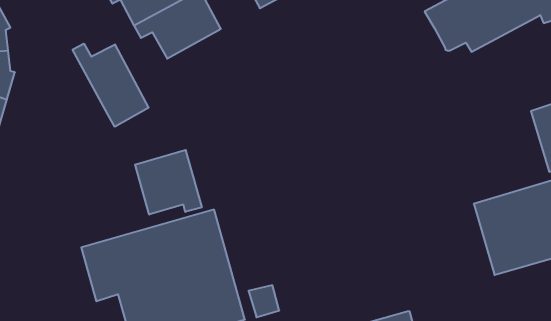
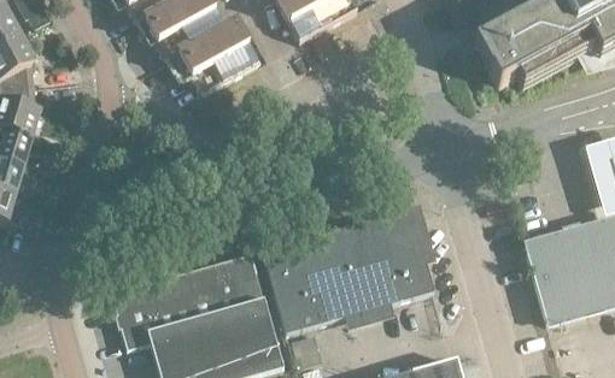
building: [73,44,149,127] -> none
building: [135,150,202,215] -> none
building: none -> [262,206,434,332]

